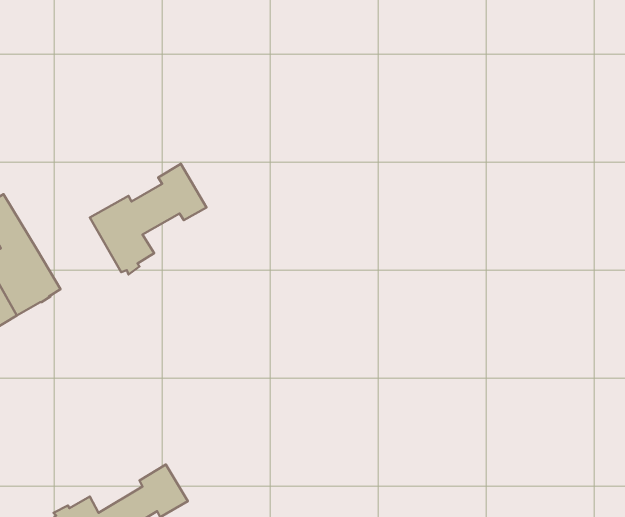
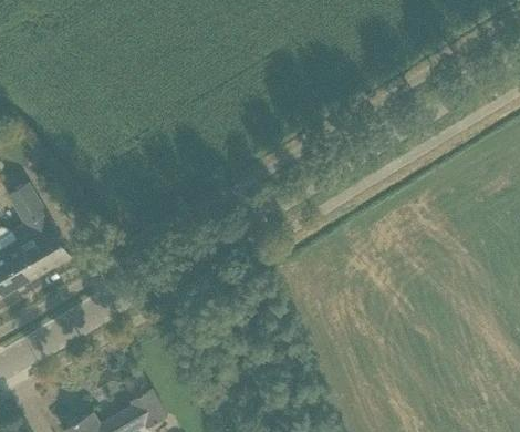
building: [90,164,206,275] -> none

